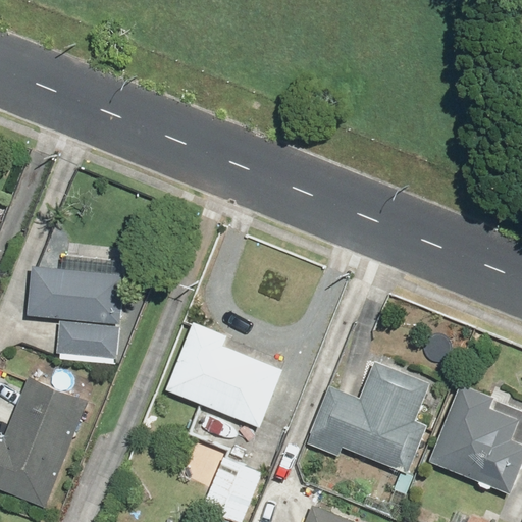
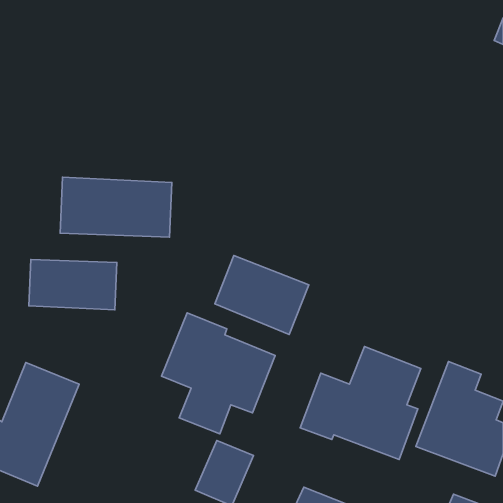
building: none -> [60,177,172,237]
building: none -> [215,255,309,334]
building: [56,321,118,352] -> none

